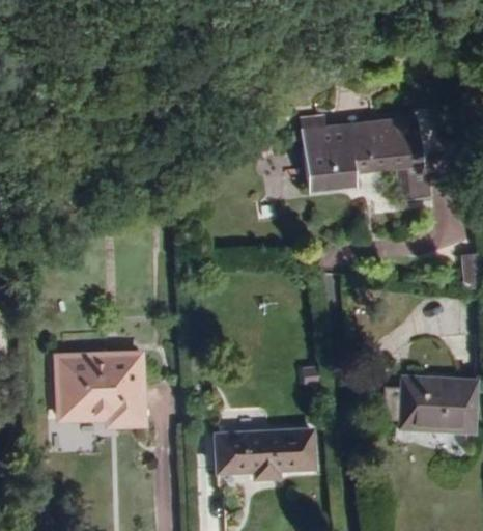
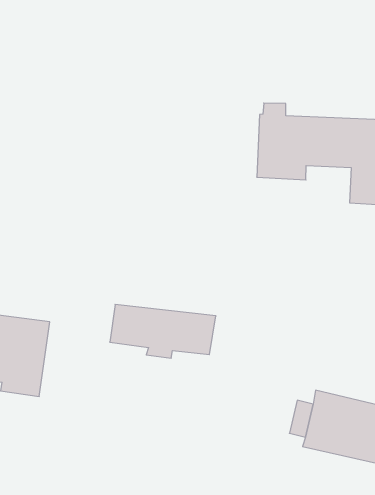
building: [217,432,313,480] -> [110,304,216,358]

